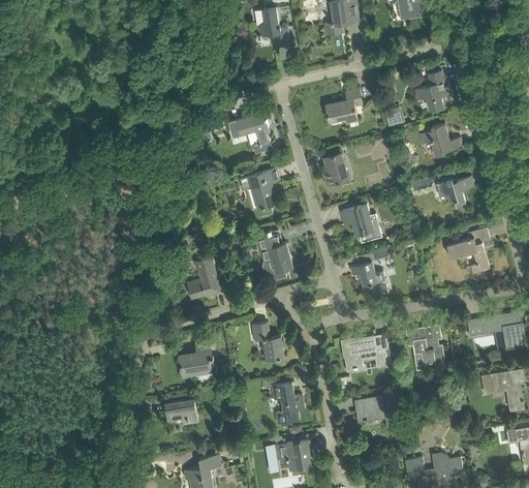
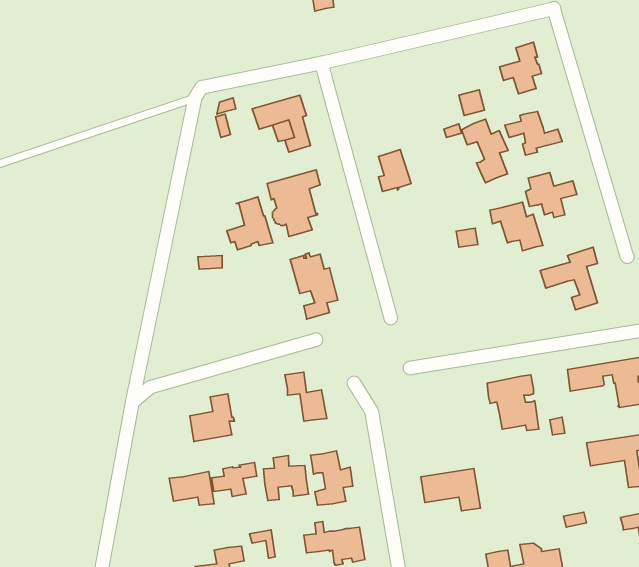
building: [325,89,362,122] -> none
building: none -> [461,119,508,183]
building: [342,205,382,242] -> [490,202,543,251]
building: [187,257,222,298] -> [227,197,273,250]
building: [350,261,388,297] -> none
building: [342,336,391,370] -> none
building: none -> [263,455,309,500]
building: none -> [212,462,257,496]

